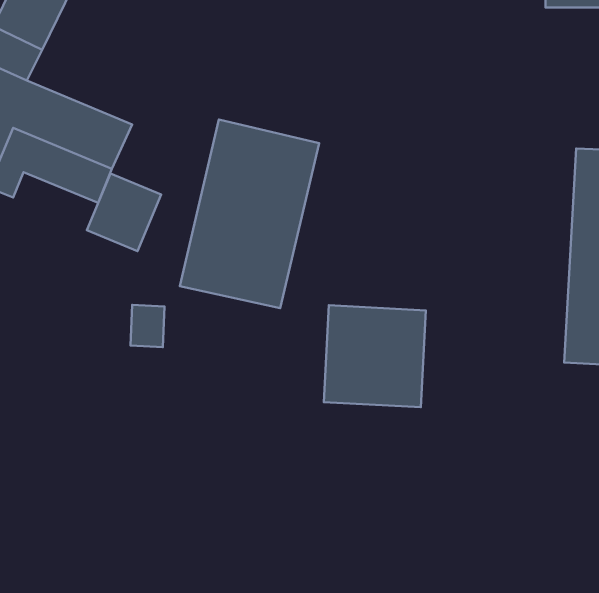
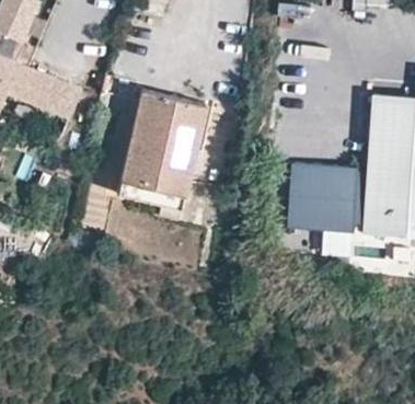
building: [87,173,161,251] -> none
building: [324,305,426,407] -> [290,170,356,235]

